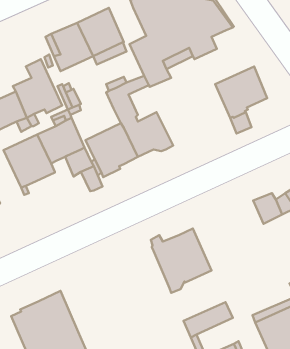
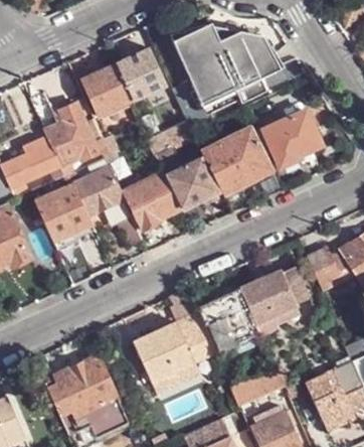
building: none -> [203,128,272,193]
building: none -> [240,265,310,331]
building: none -> [132,310,215,391]

